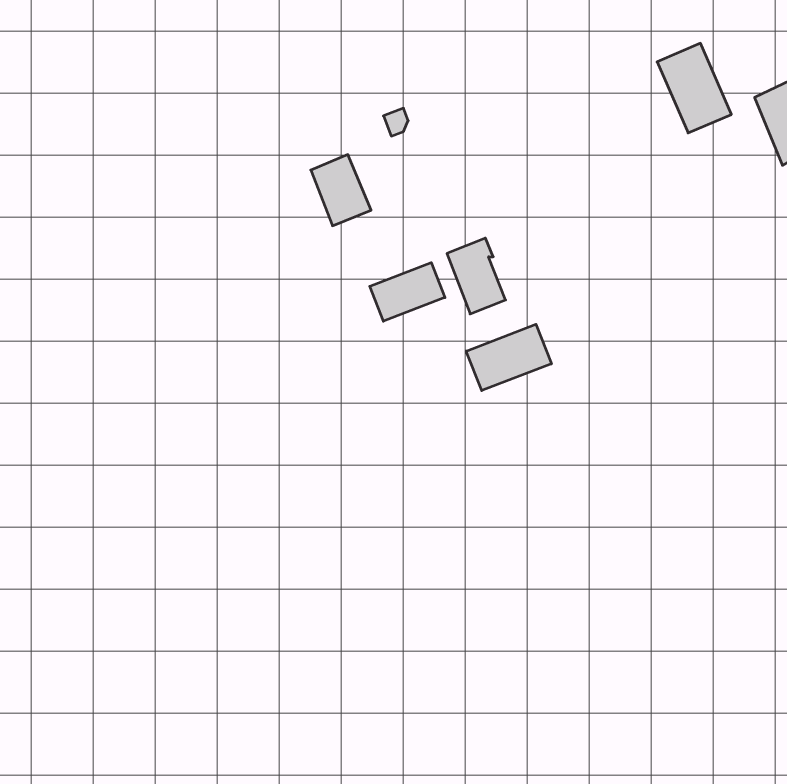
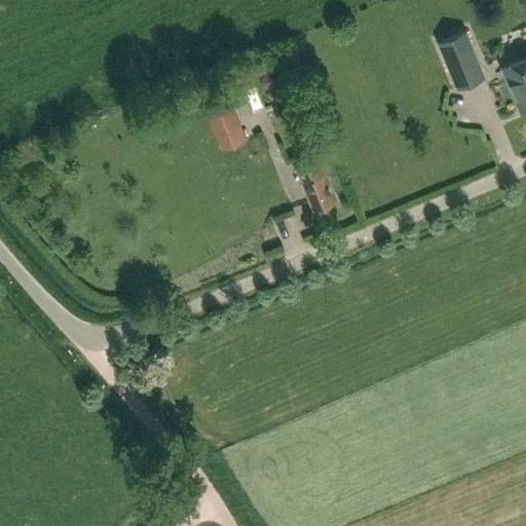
building: [370,263,445,321] -> none
building: [466,324,551,391] -> none

